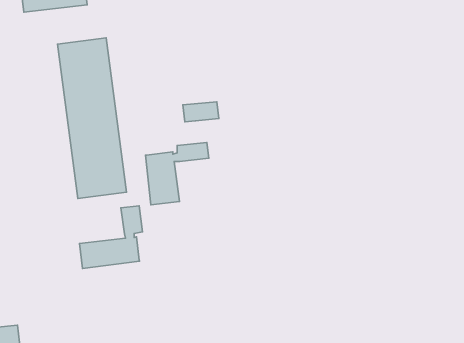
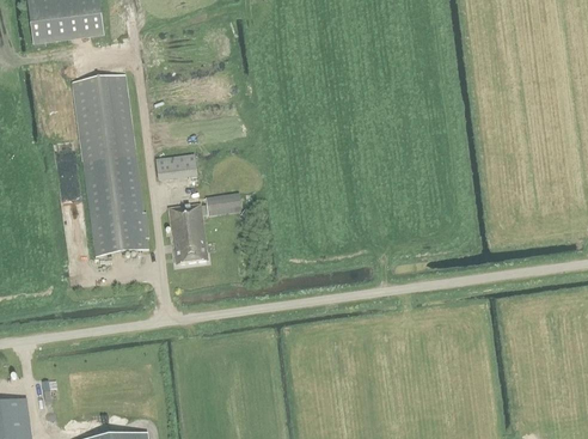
building: [183,102,219,122] -> [157,153,197,176]
building: [79,206,143,268] -> none

